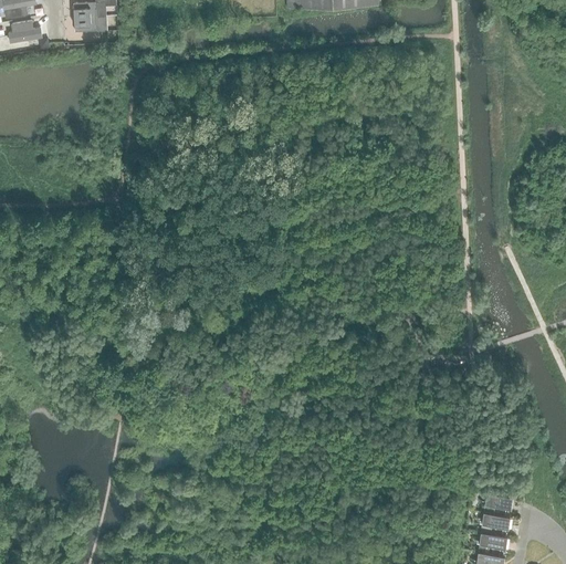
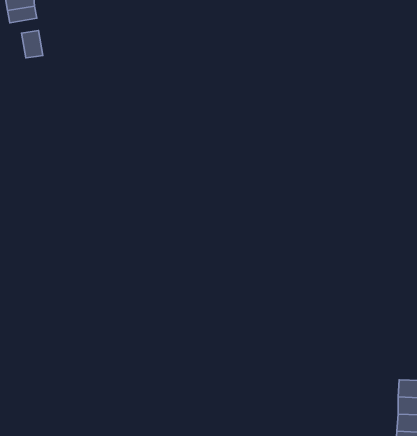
building: none -> [21,31,43,58]

